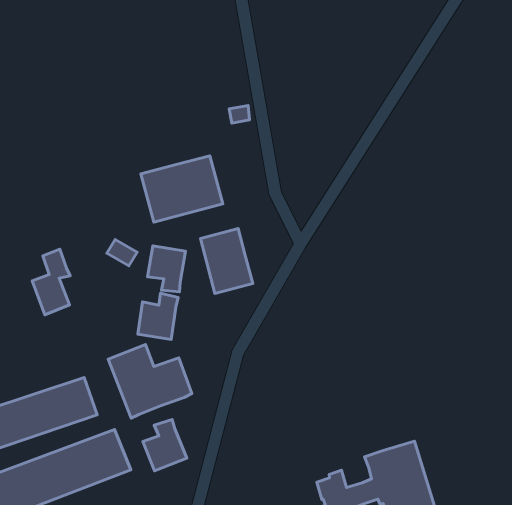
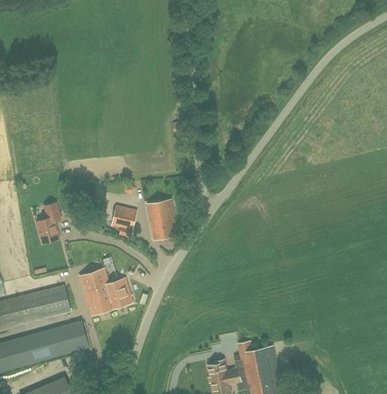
building: [141,156,223,222] -> none
building: [138,293,178,339] -> none
building: [143,419,187,471] -> none

